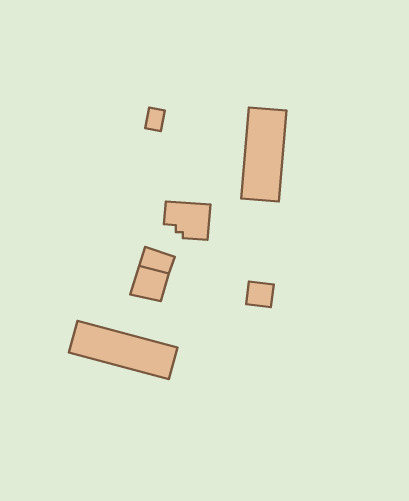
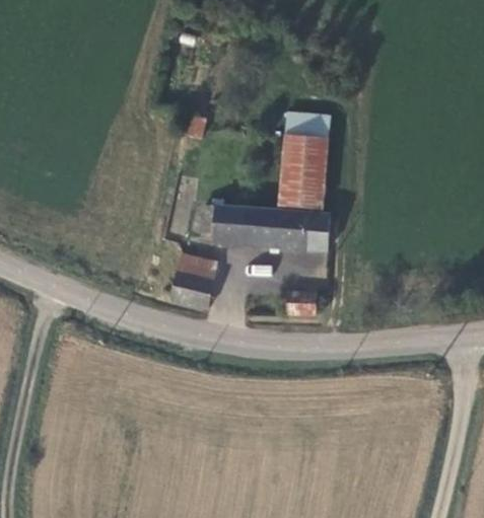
building: none -> [248,210,330,250]
building: [69,321,177,379] -> none

